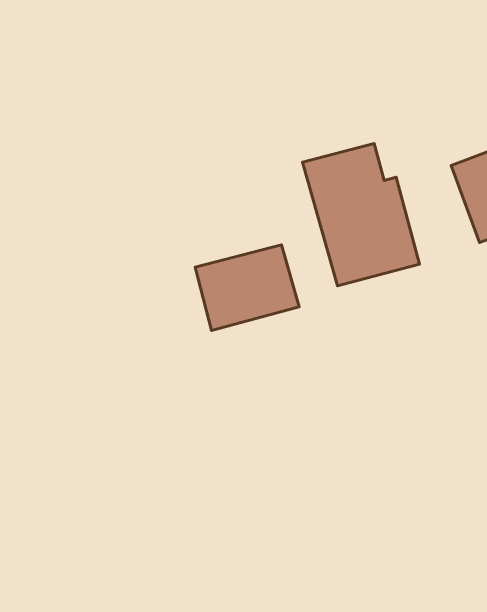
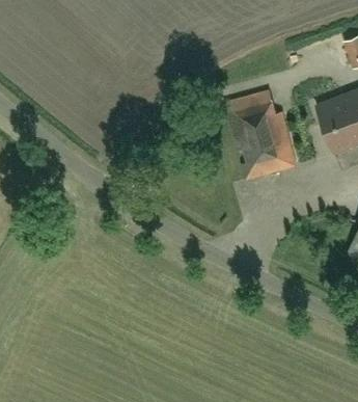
building: [195,245,299,330] -> none

